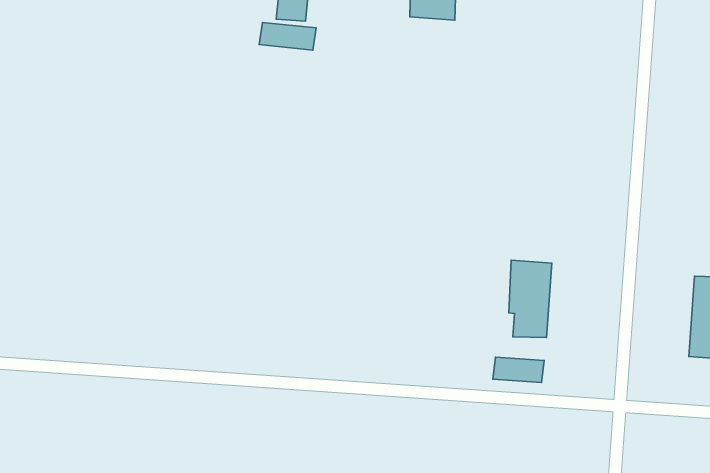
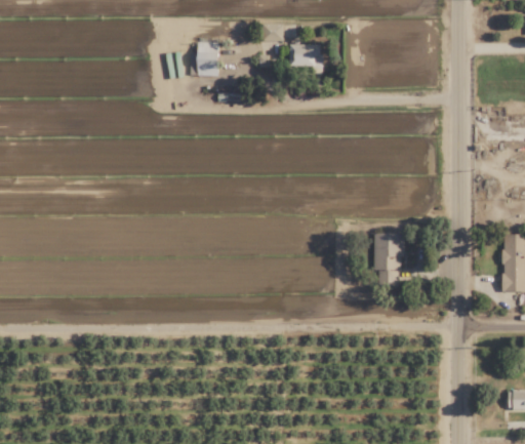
building: [259,22,316,50] -> none
building: [493,357,544,383] -> none

